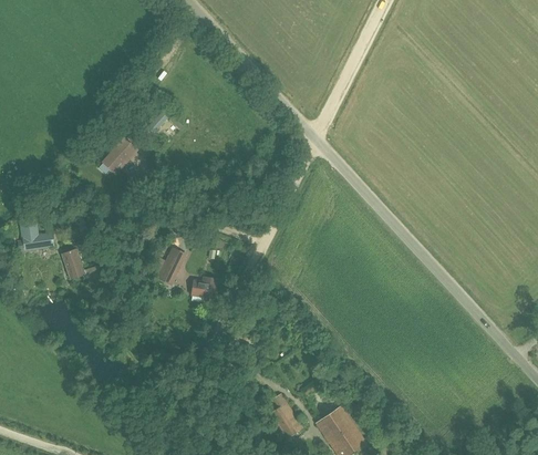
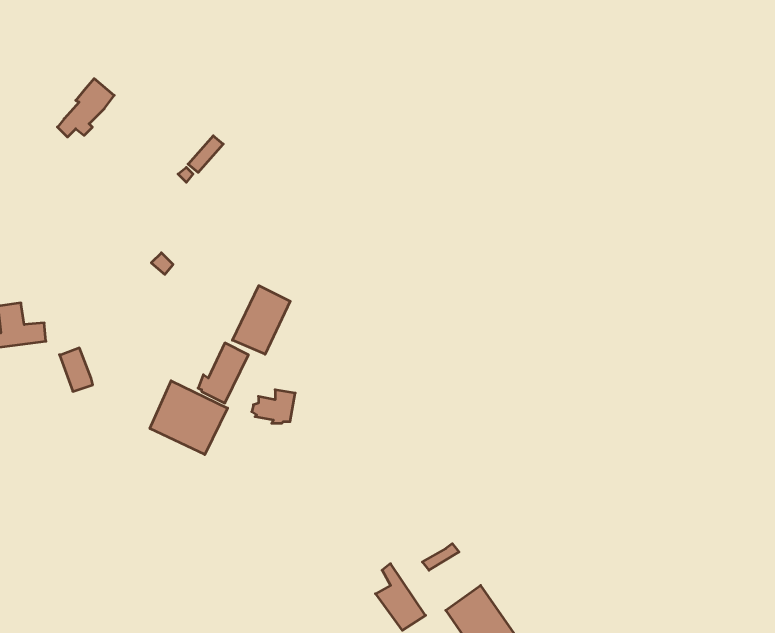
building: [99,135,136,174] -> [57,79,114,137]
building: none -> [232,286,290,354]
building: none -> [150,381,228,455]

